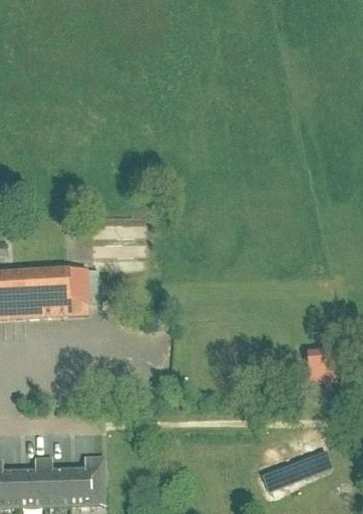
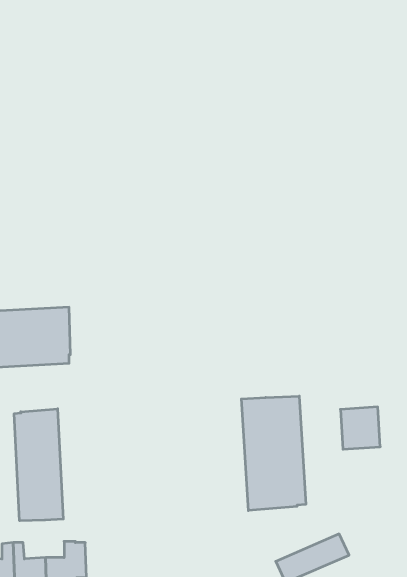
building: none -> [241,396,306,511]
building: none -> [14,409,63,521]

